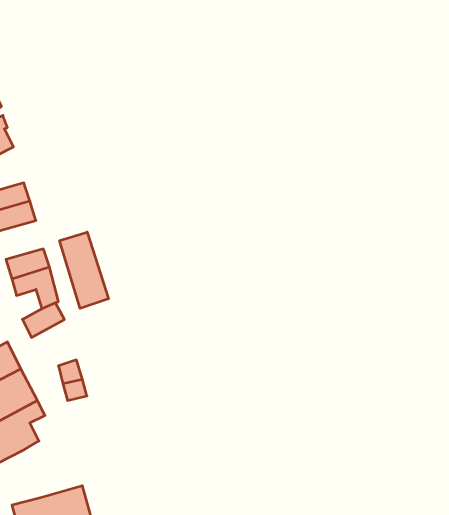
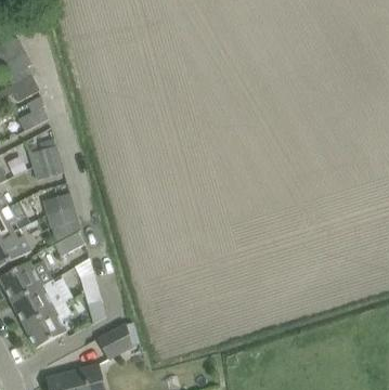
building: [60,232,108,308] -> none
building: none -> [98,321,138,357]

